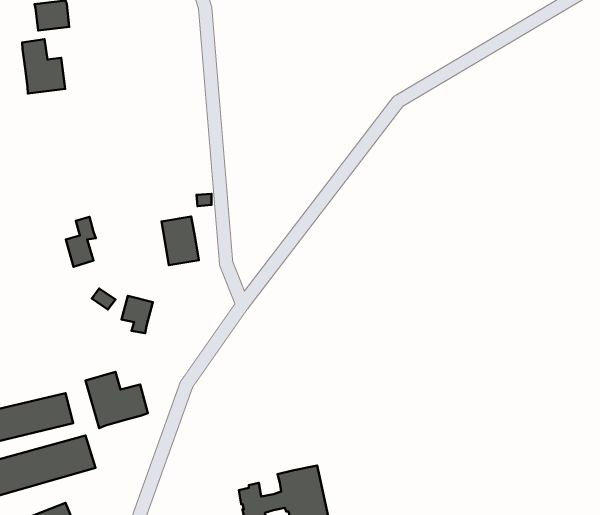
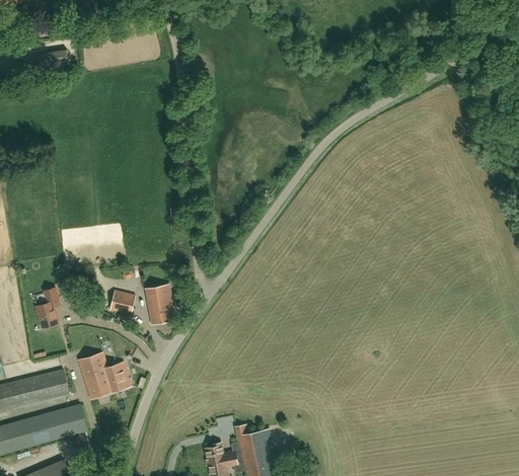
building: [22,39,65,93] -> none
building: [161,217,199,265] -> [144,285,174,324]
building: [66,217,96,267] -> [35,288,60,328]

